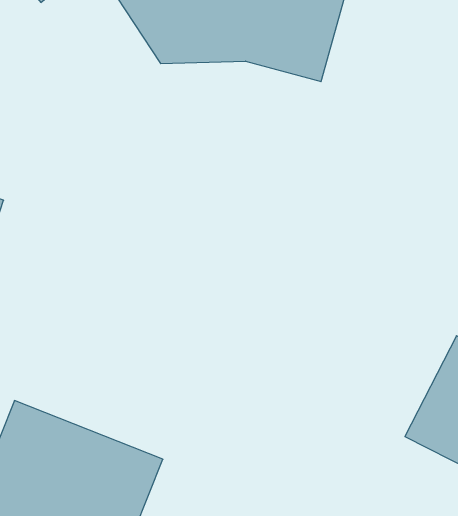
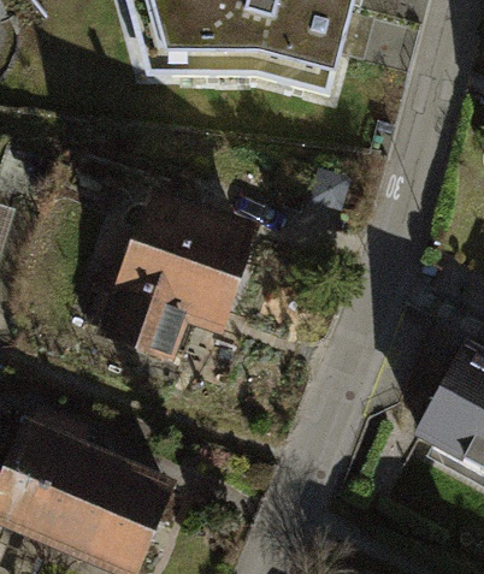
building: none -> [98,183,256,355]

